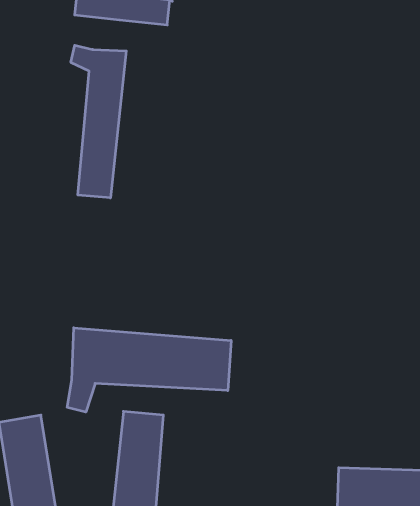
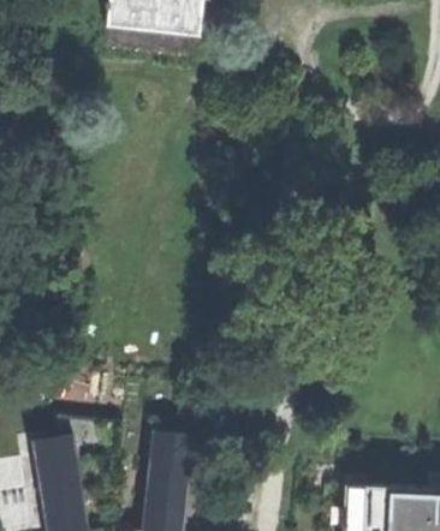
building: [71,45,126,198] -> none
building: [67,328,231,412] -> none

